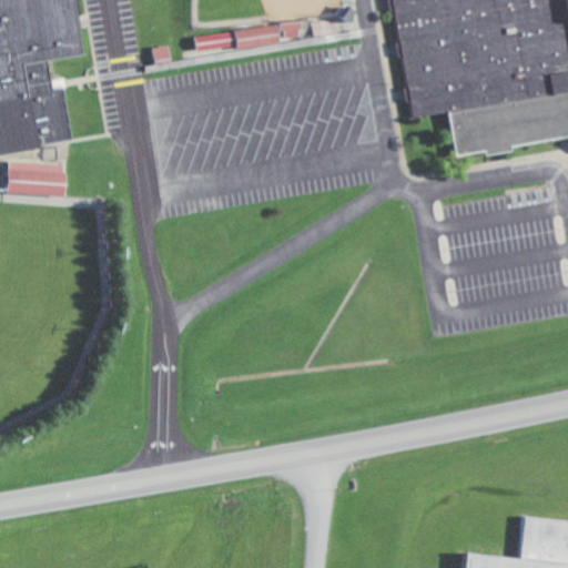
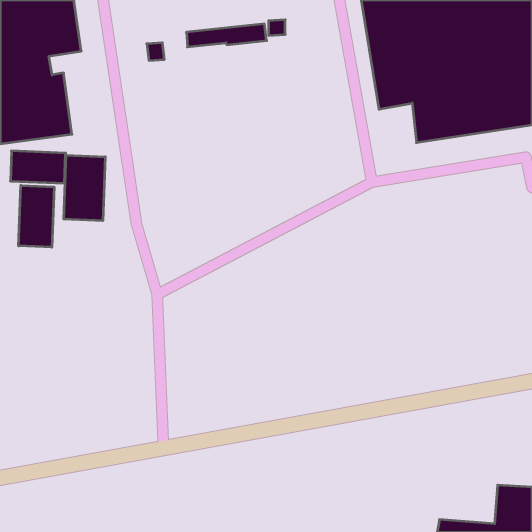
building: none -> [64,155,105,221]
building: none -> [19,185,54,247]

